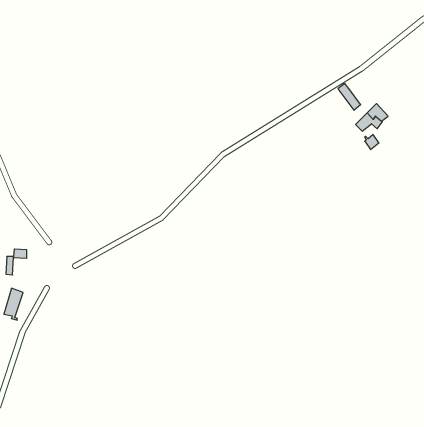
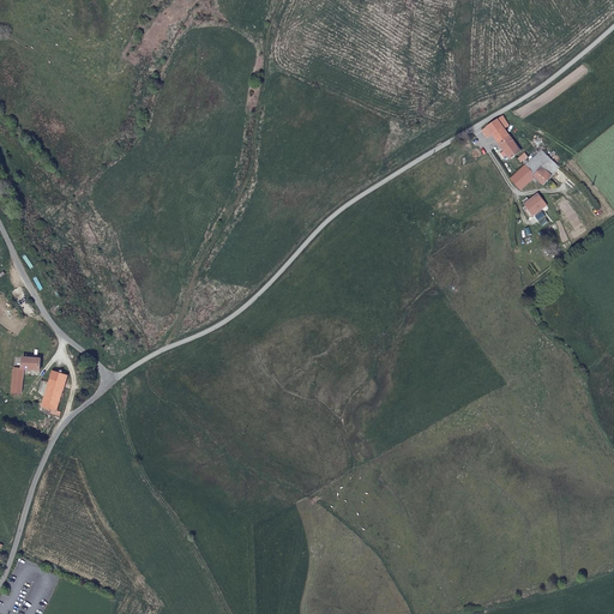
building: [4,288,23,320] -> [38,371,66,416]

